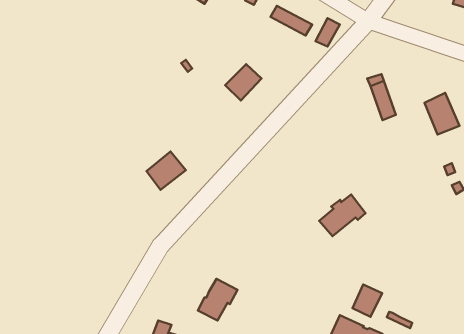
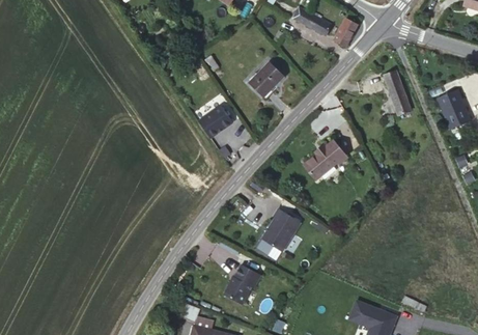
building: [146,151,186,190] -> [196,105,233,141]
building: [319,194,365,236] -> [303,140,346,179]
building: none -> [261,208,301,252]
building: [352,284,382,317] -> none

